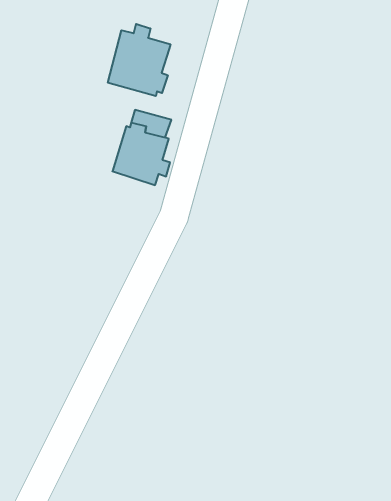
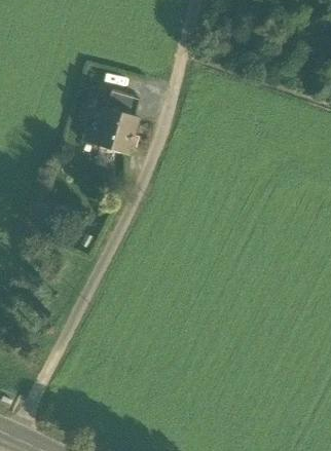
building: [108,24,170,96] -> none

